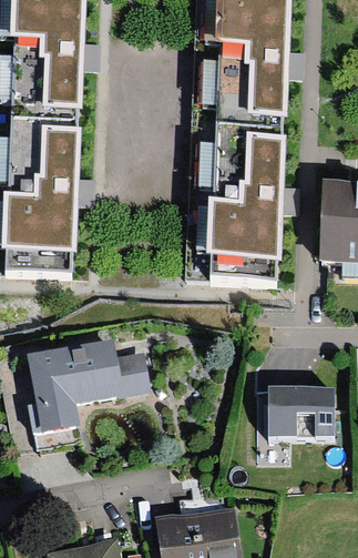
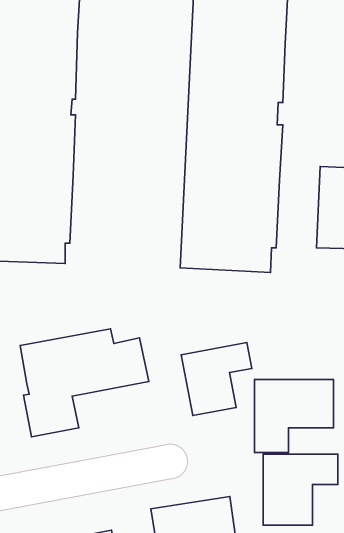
building: none -> [181,342,252,416]
building: none -> [263,454,338,525]

